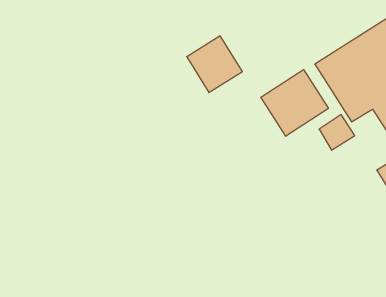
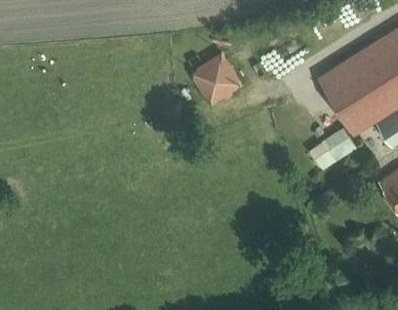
building: [261,70,328,136] -> none

